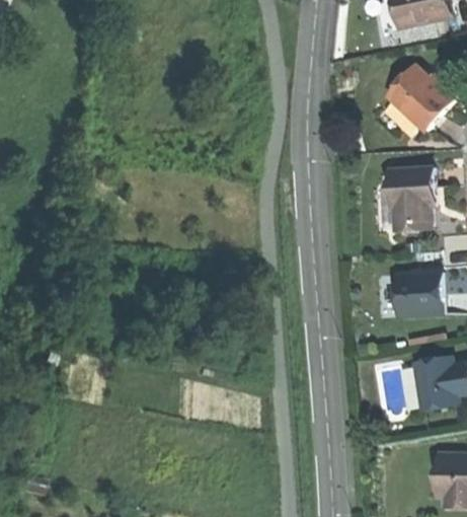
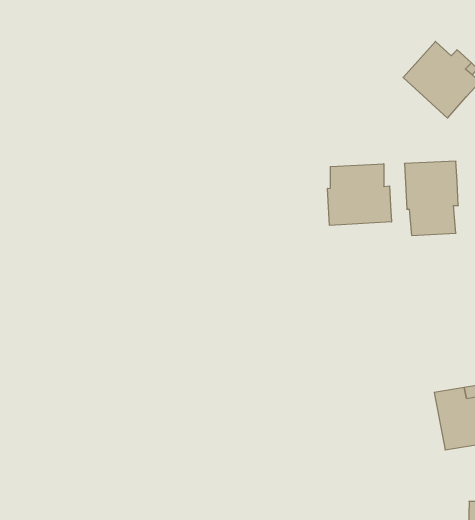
building: none -> [328,164,391,225]
building: [394,273,442,316] -> none

